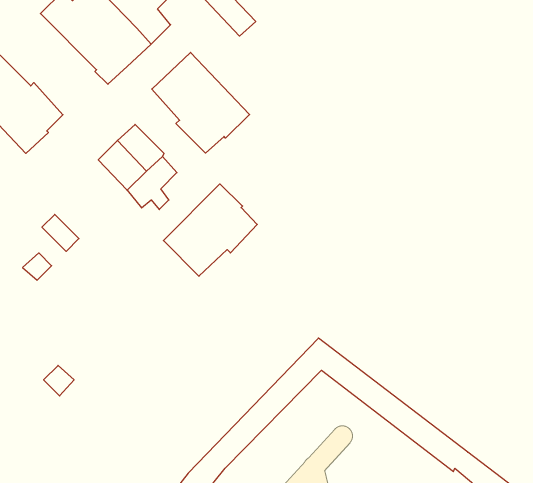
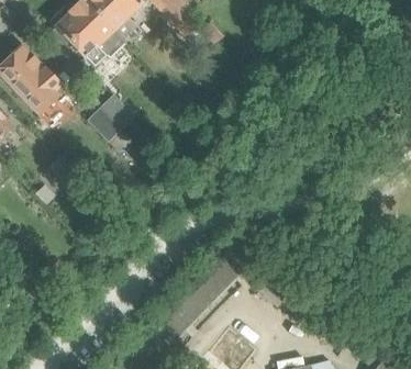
building: [152,52,250,153] -> none
building: [163,184,257,276] -> none

